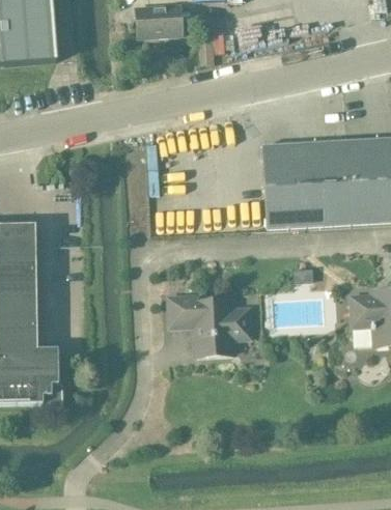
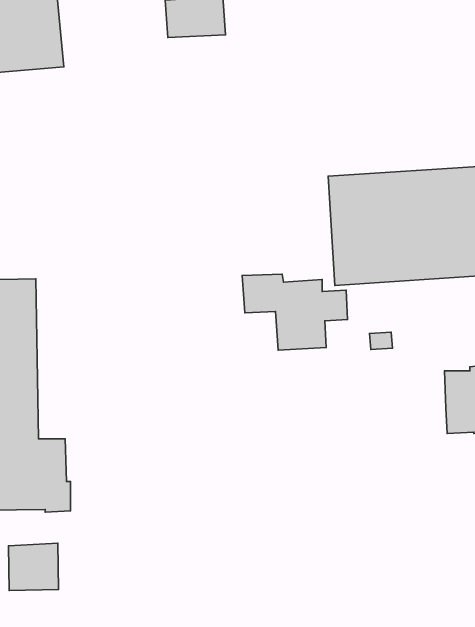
building: [169,294,251,353] -> [242,274,348,350]
building: none -> [9,543,59,590]

